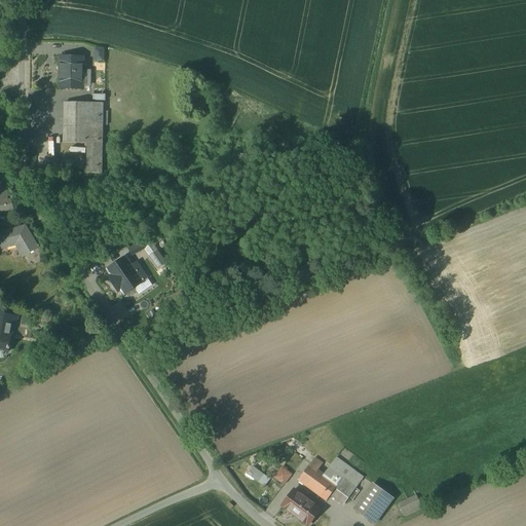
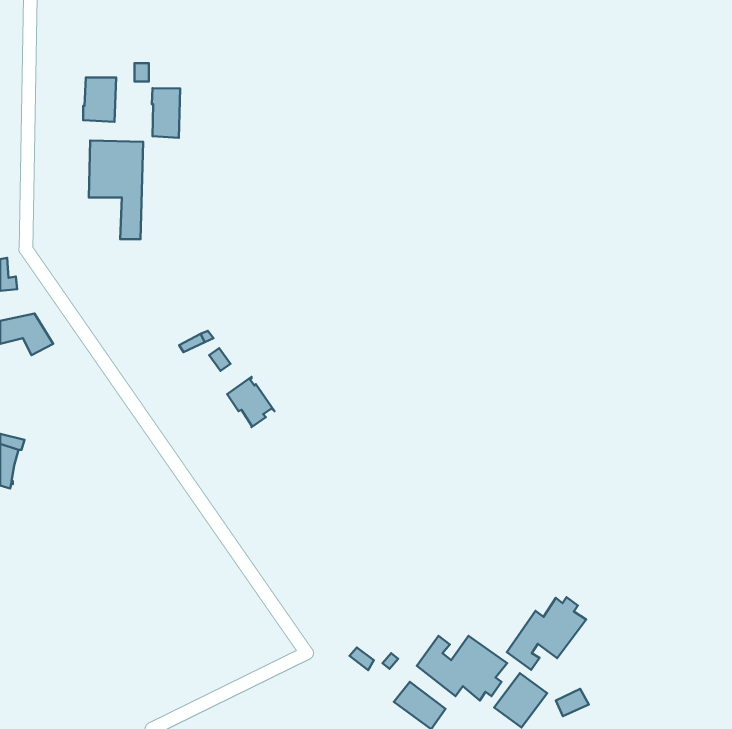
building: none -> [152,88,180,138]
building: [108,256,142,292] -> [227,377,274,427]
building: none -> [507,597,586,670]

